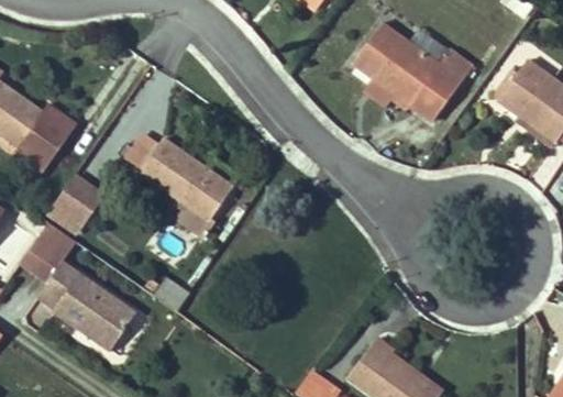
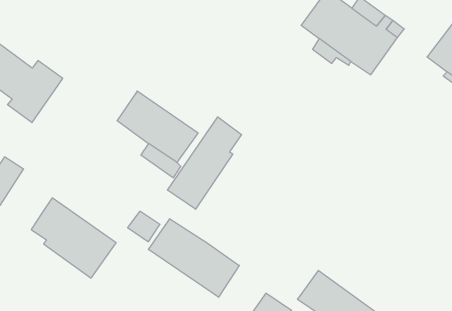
building: none -> [167,117,242,209]
building: [46,169,103,232] -> none
building: [29,224,78,277] -> none
building: none -> [148,219,239,297]

